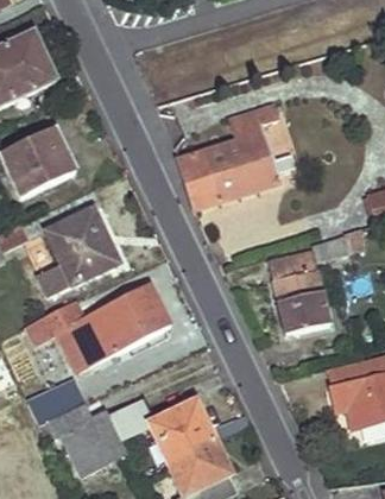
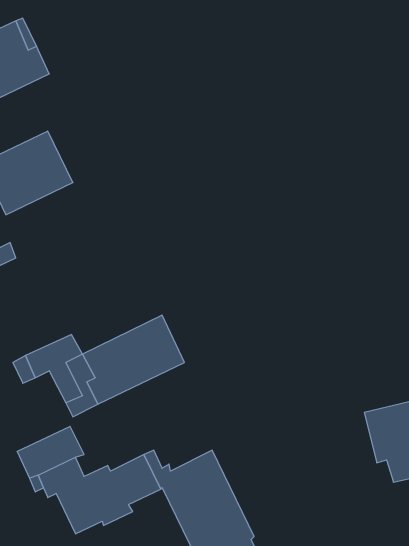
building: [176,103,279,210] -> none
building: [40,207,119,292] -> none
building: [266,230,348,334] -> none

